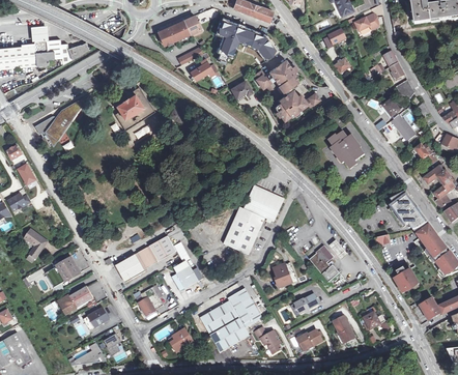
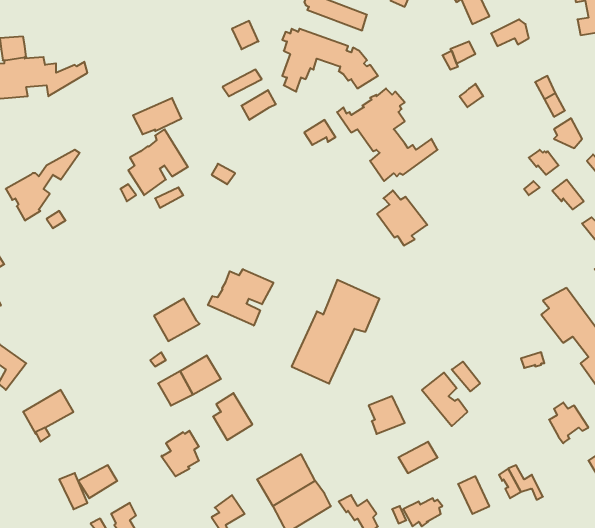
building: [158,20,190,44] -> [133,98,182,134]
building: [332,131,365,167] -> [377,190,427,245]
building: none -> [208,269,273,326]
building: [115,254,145,282] -> [154,299,200,341]
building: [58,286,93,312] -> none
building: [227,287,262,326] -> none

